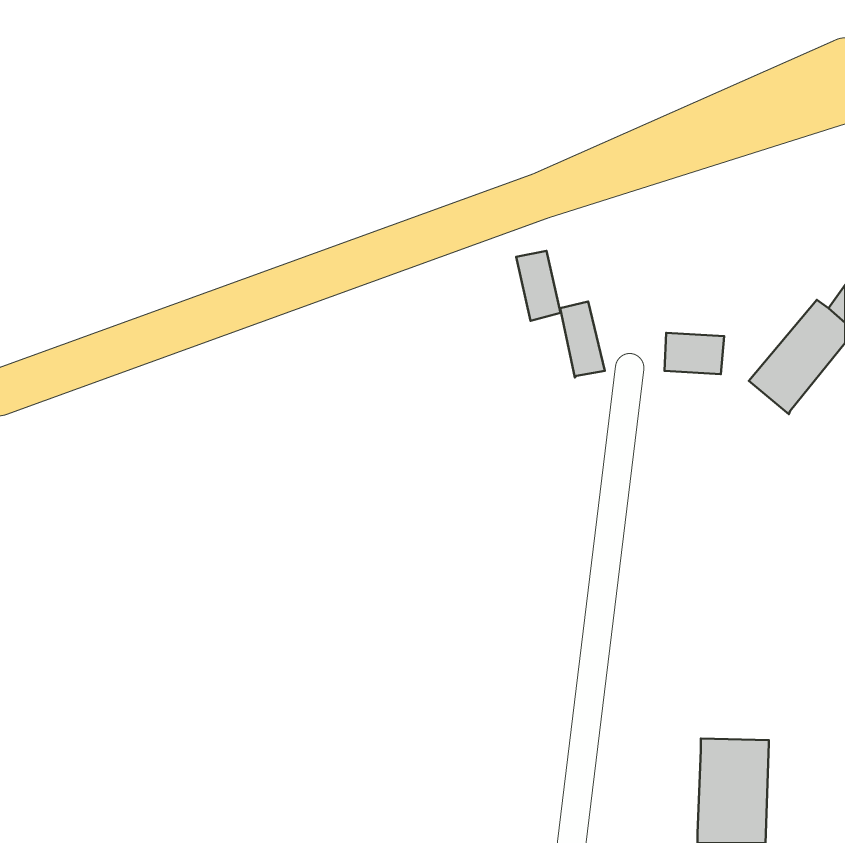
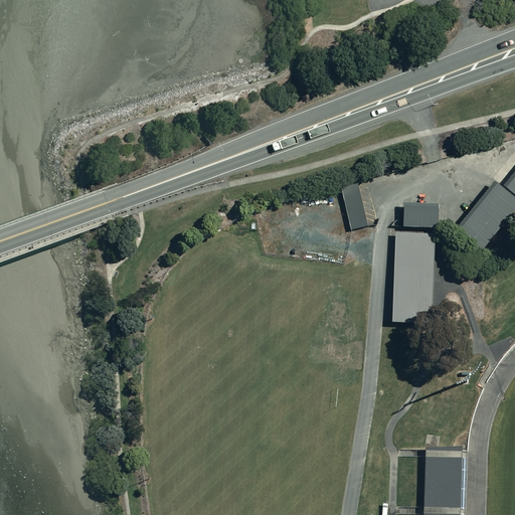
building: [516,251,561,321] -> none
building: none -> [392,231,435,323]

